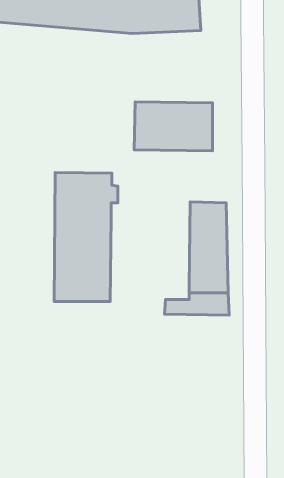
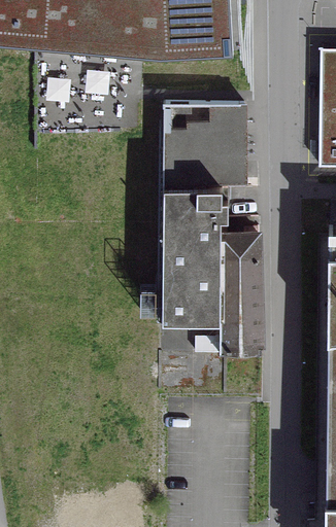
building: none -> [162,101,243,129]
building: [54,172,118,301] -> [160,185,227,321]

